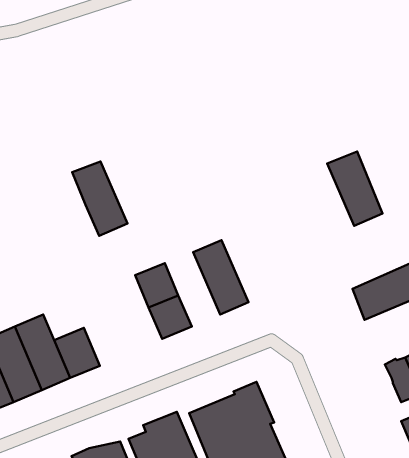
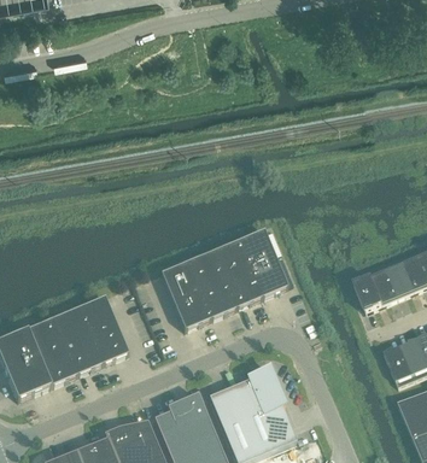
building: [327,151,383,226] -> [238,229,287,295]
building: [72,161,128,236] -> [187,251,236,317]
building: none -> [78,295,115,329]

